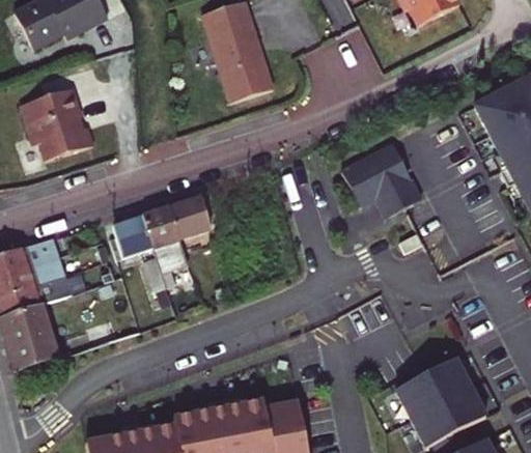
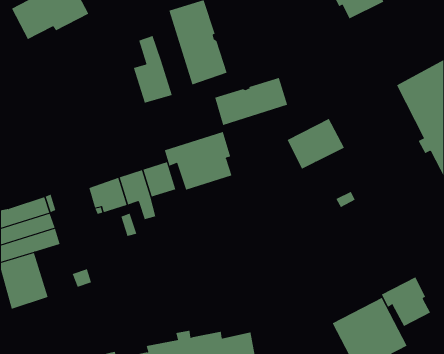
building: none -> [133,35,173,104]
building: [20,88,92,160] -> none
building: none -> [215,77,288,126]
building: none -> [164,131,232,191]
building: [376,178,421,216] -> none
building: none -> [381,276,431,327]

